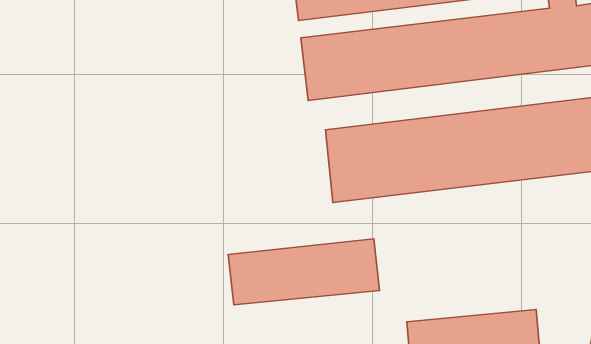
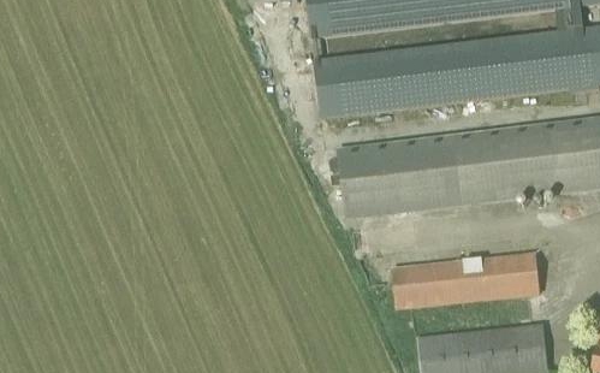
building: none -> [391,251,541,309]
building: [228,239,380,305] -> none

